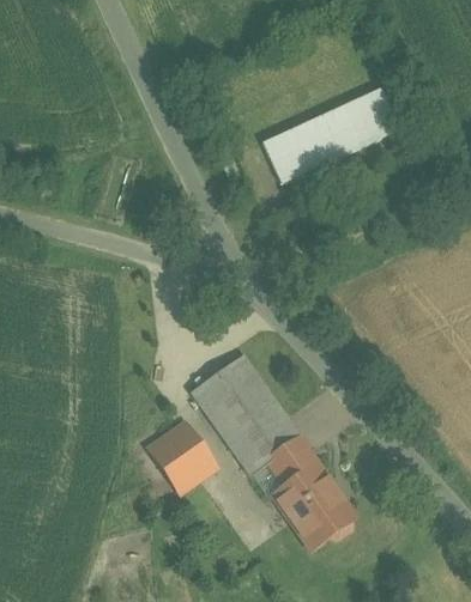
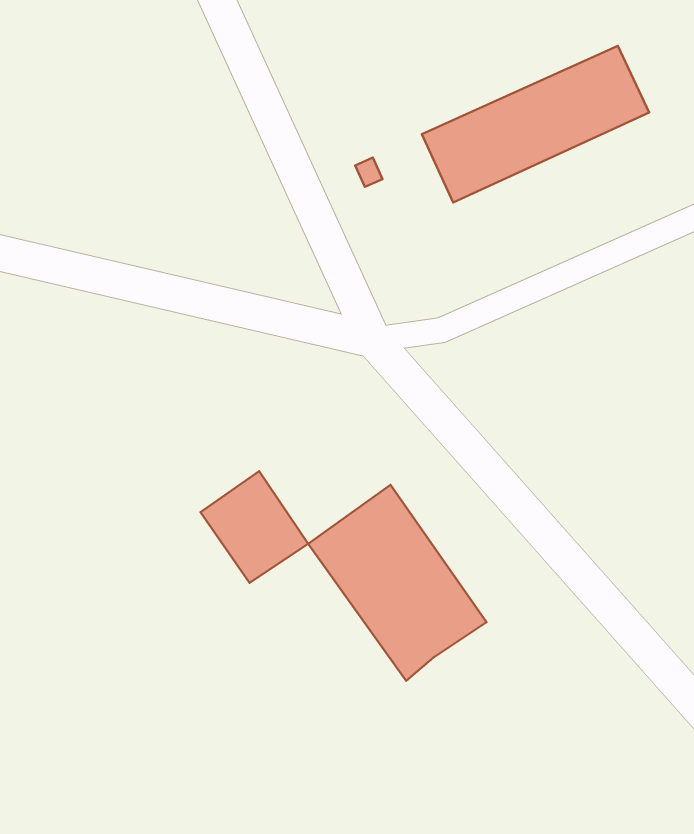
building: [149,422,215,491] -> [200,471,308,583]
building: [268,439,355,548] -> none

